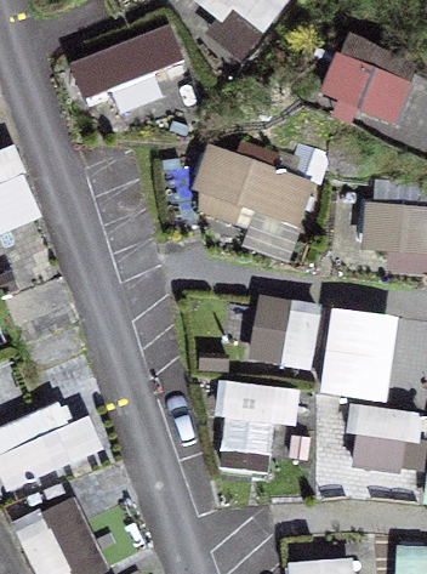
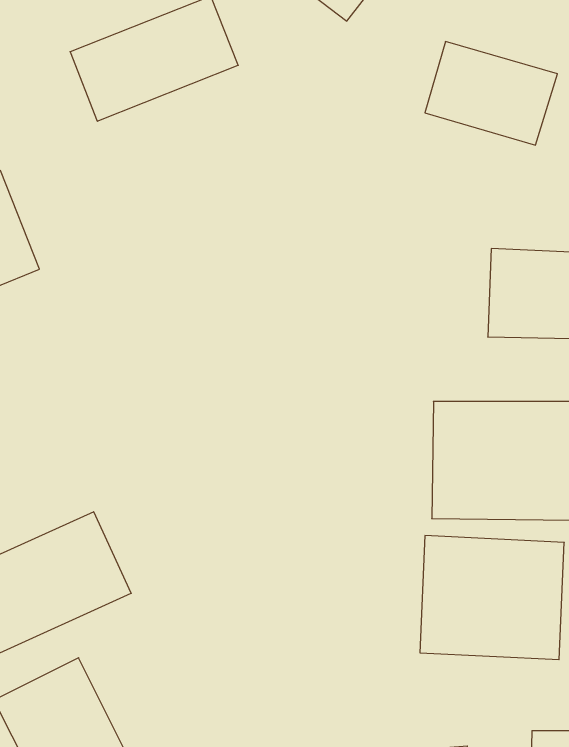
building: [193,154,309,244] -> none
building: [250,295,323,368] -> none
building: [214,380,292,474] -> none

